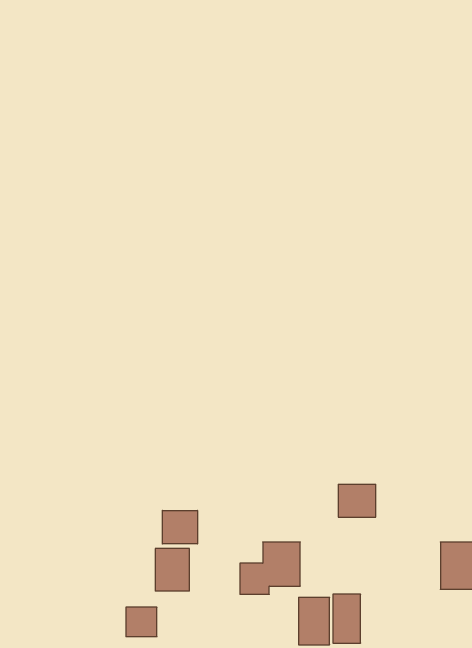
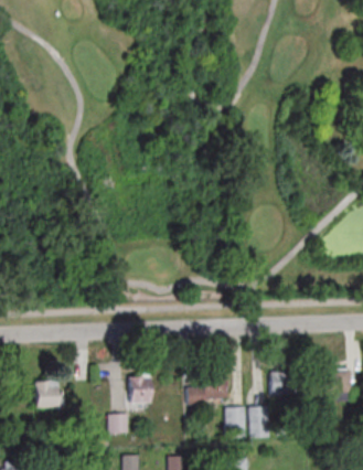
building: [338,484,376,517] -> [270,373,296,395]
building: [162,510,197,544] -> none
building: none -> [35,382,60,407]

